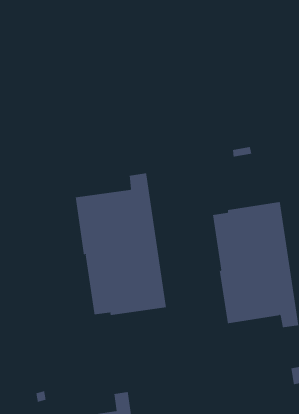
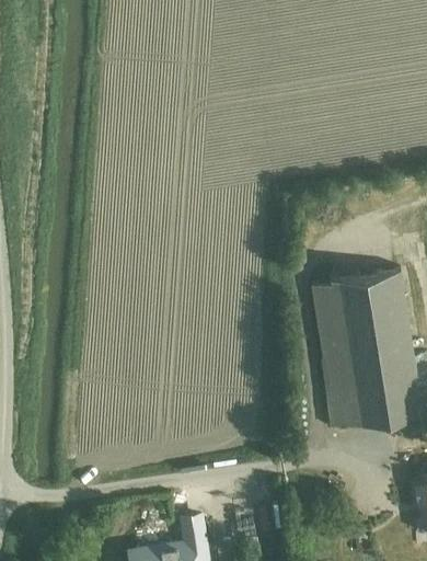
building: [75,173,167,316] -> none

